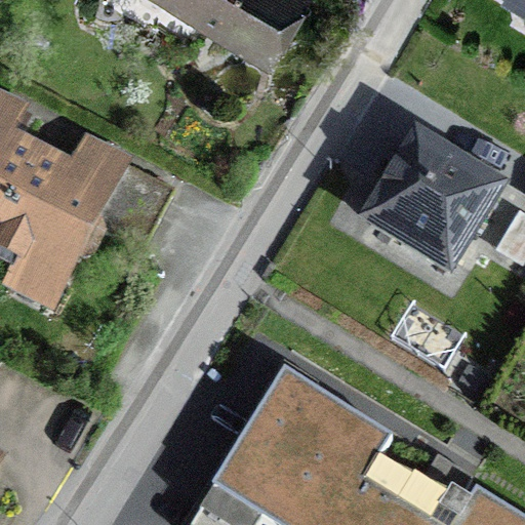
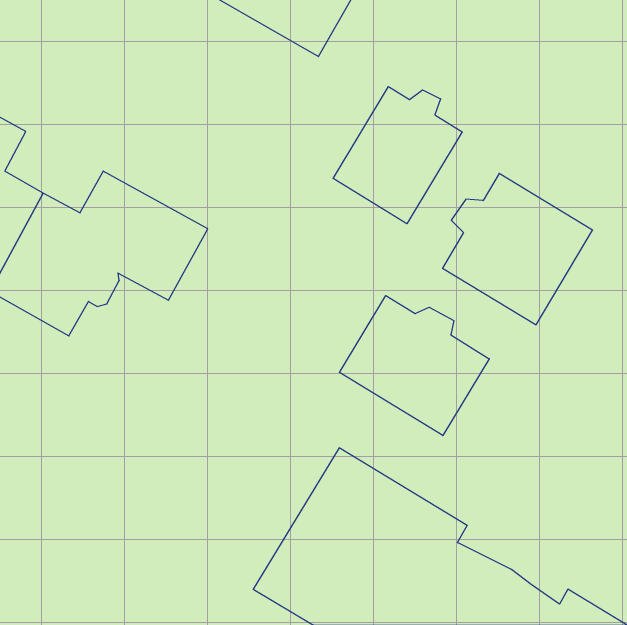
building: none -> [333,87,462,224]
building: none -> [339,296,489,436]

